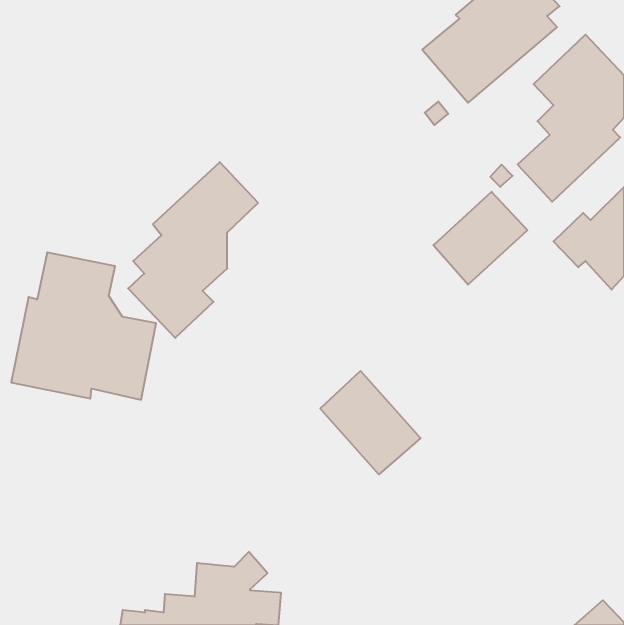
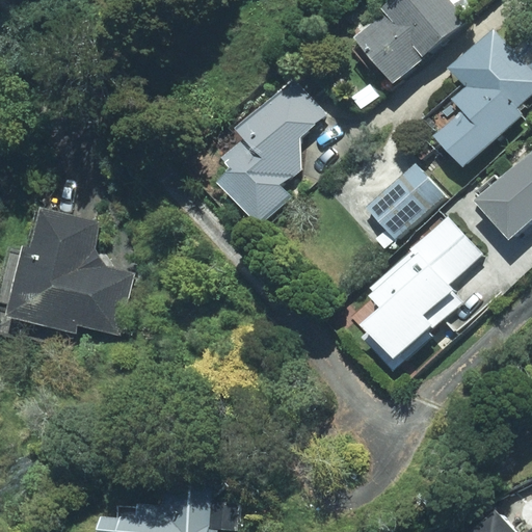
building: [128,162,258,338] -> [215,79,324,227]
building: none -> [347,215,484,365]
building: [320,371,421,474] -> none

